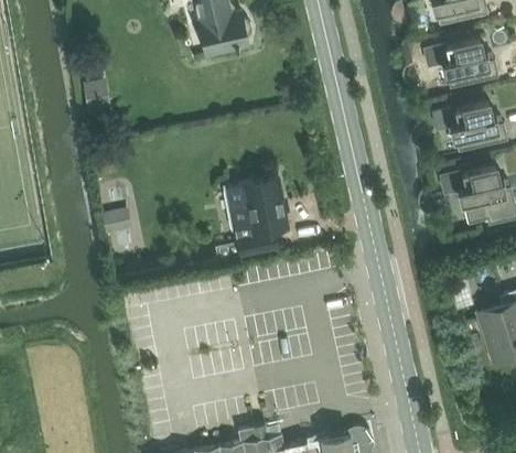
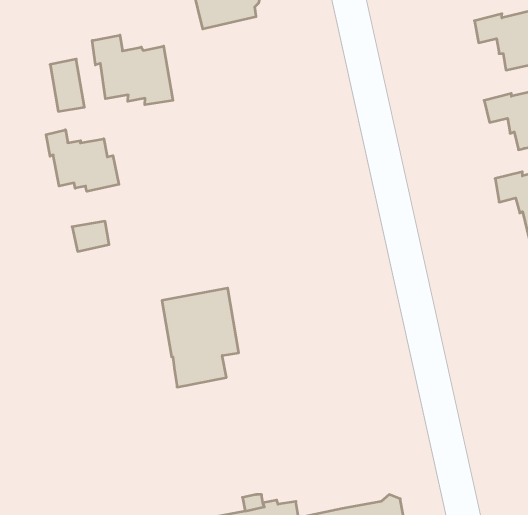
building: none -> [92,35,173,105]
building: none -> [46,130,119,191]
building: [225,176,287,256] -> [162,288,239,387]

